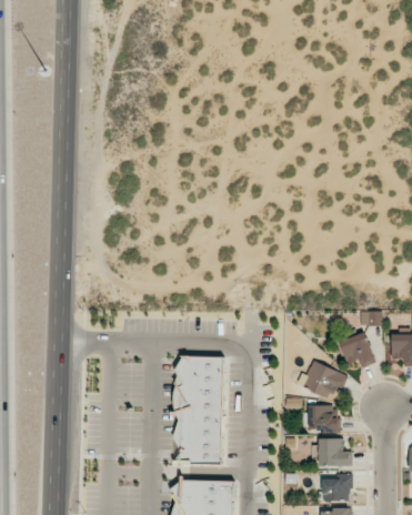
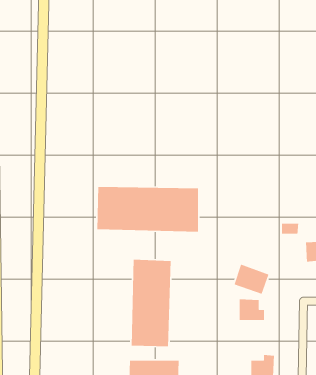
building: none -> [96,186,199,232]
building: [339,332,378,367] -> none
building: [319,438,353,466] -> none

